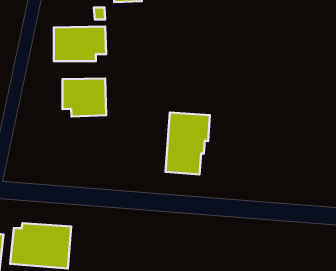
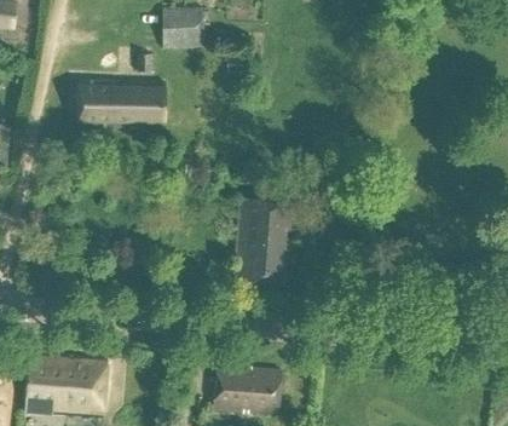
building: [62,78,106,116] -> none
building: none -> [207,365,279,415]

